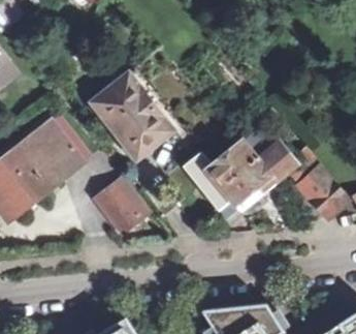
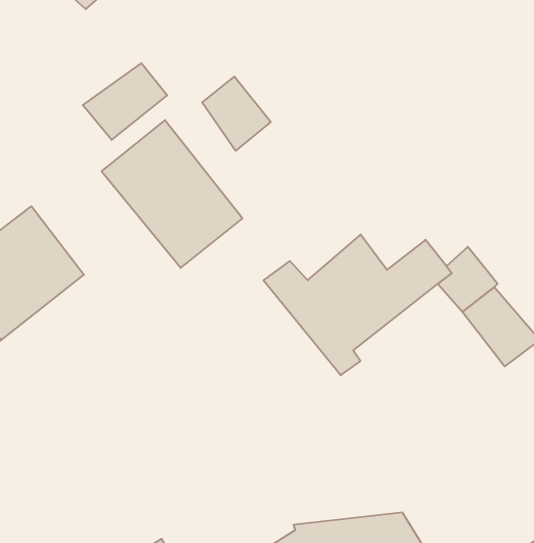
building: none -> [83,63,167,140]
building: none -> [202,77,271,151]
building: [95,177,148,231] -> none

